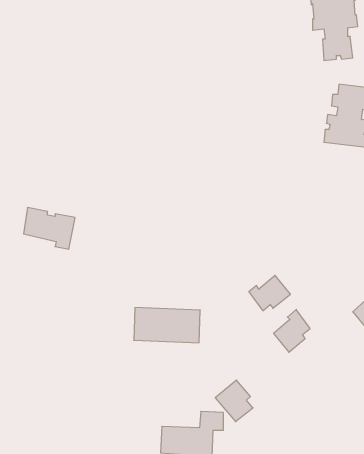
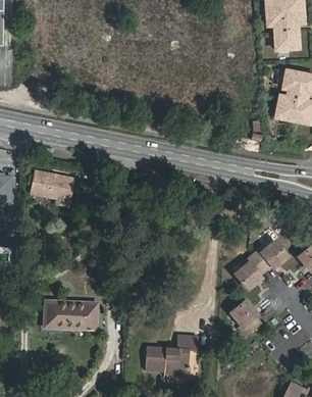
building: [249,275,290,311] -> [255,240,289,268]
building: [134,308,200,343] -> [43,301,97,330]
building: [215,380,253,422] -> [229,299,260,333]

